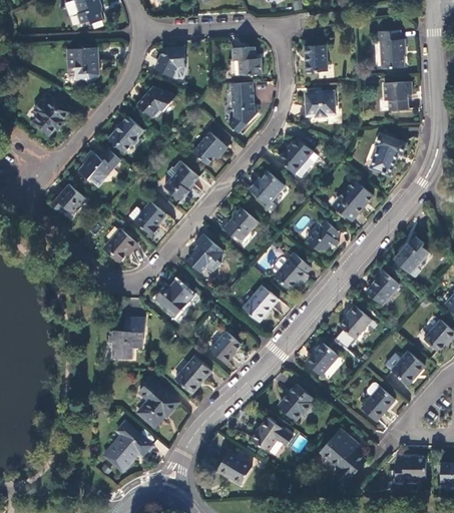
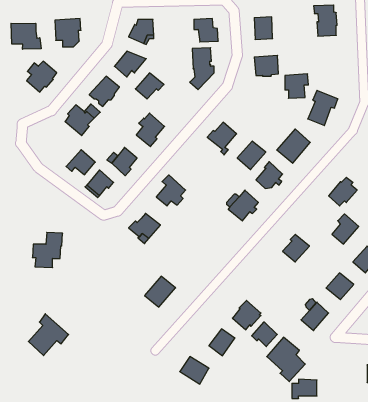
building: none -> [11,23,41,49]
building: [384,81,412,110] -> [285,74,308,98]
building: [192,133,226,164] -> [135,73,164,99]
building: [278,138,312,172] -> [237,141,266,170]
building: [50,184,85,214] -> [66,150,95,175]
building: [220,207,257,240] -> none
building: [366,269,398,305] -> [332,214,359,244]
building: [243,286,278,321] -> none
building: [107,317,143,359] -> [32,232,63,268]
building: [209,332,240,363] -> none
building: [305,343,337,376] -> none
building: [136,378,178,427] -> none
building: none -> [252,322,277,347]
building: [103,421,151,471] -> [28,314,69,356]
building: [395,458,425,481] -> [292,379,317,398]

